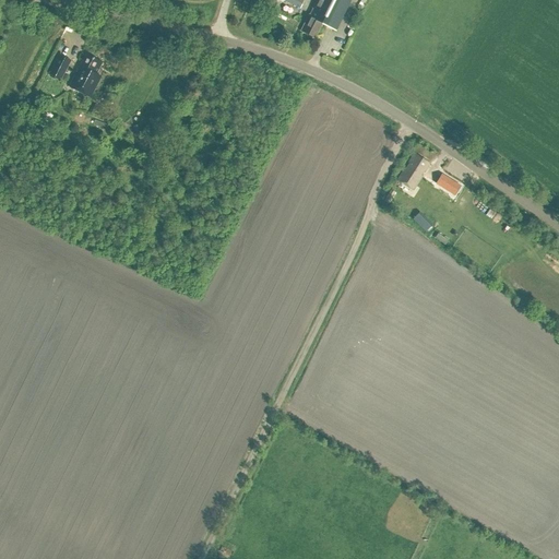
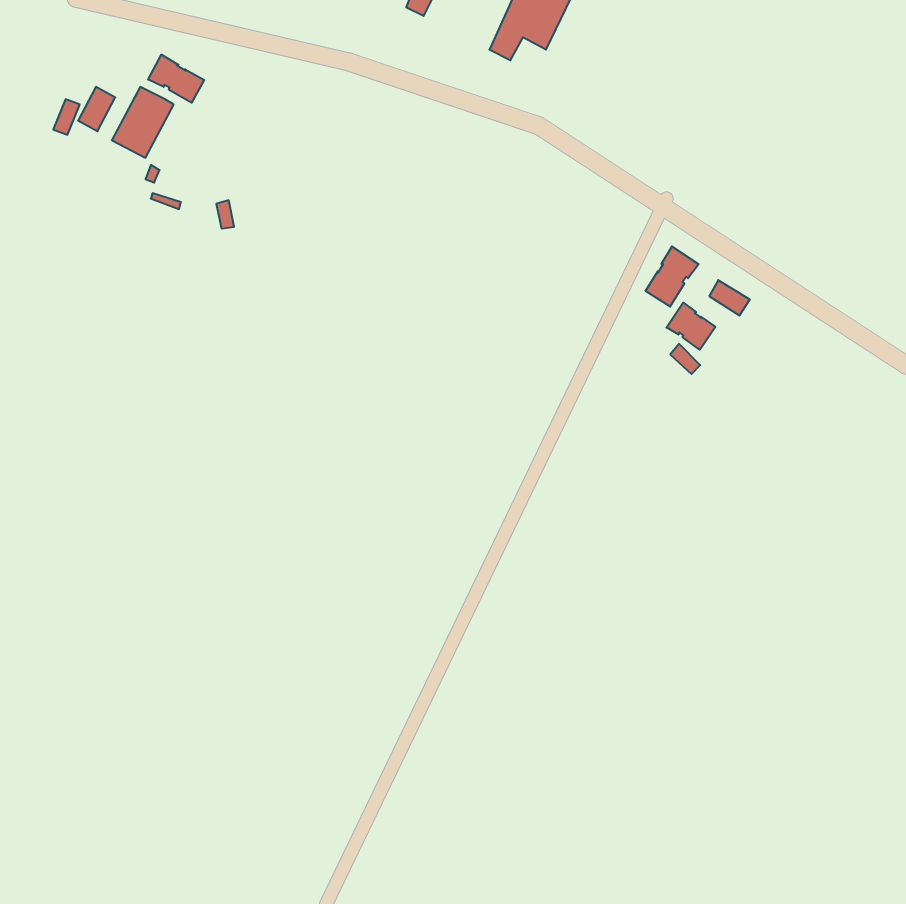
building: none -> [148,55,204,103]
building: none -> [666,303,715,350]

